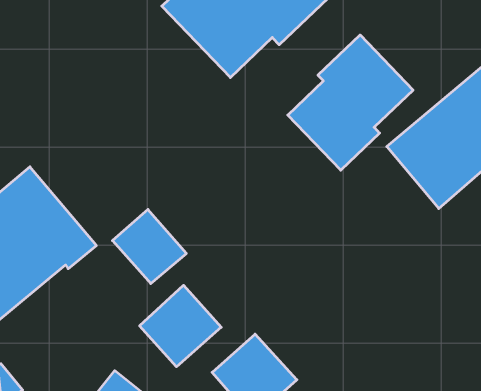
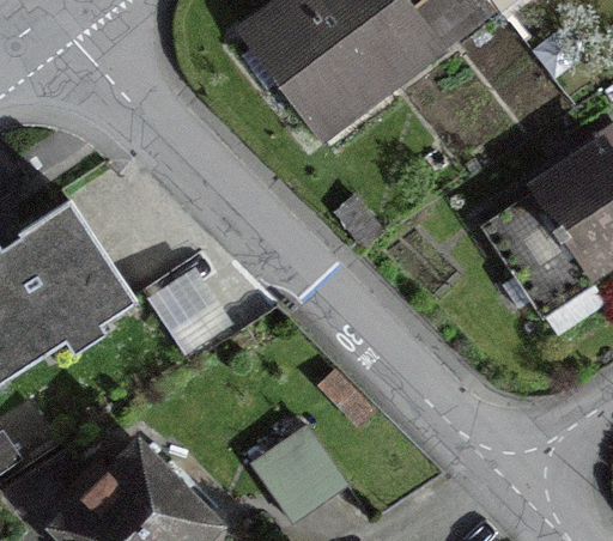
building: [288,35,413,170] -> none
building: [140,285,221,367] -> none

